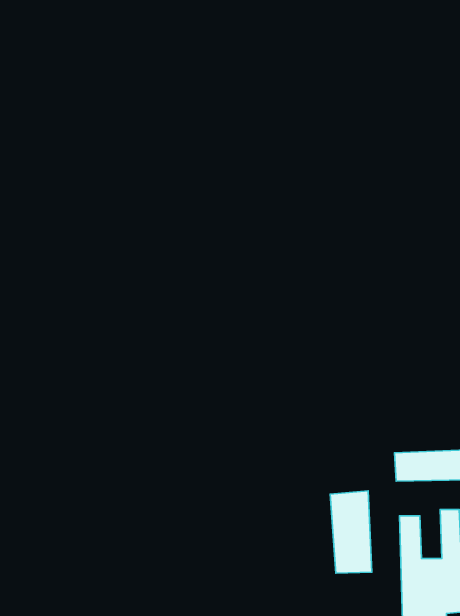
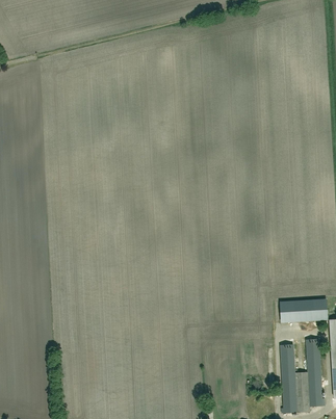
building: [330,491,372,573] -> none

